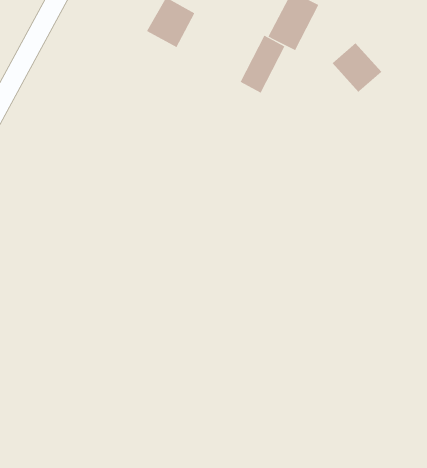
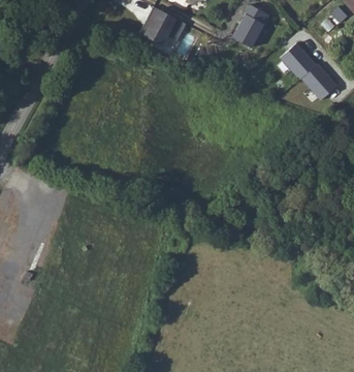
building: [240,35,285,94] -> none
building: none -> [299,61,337,100]

